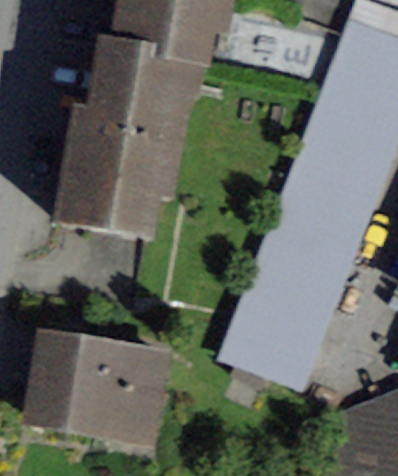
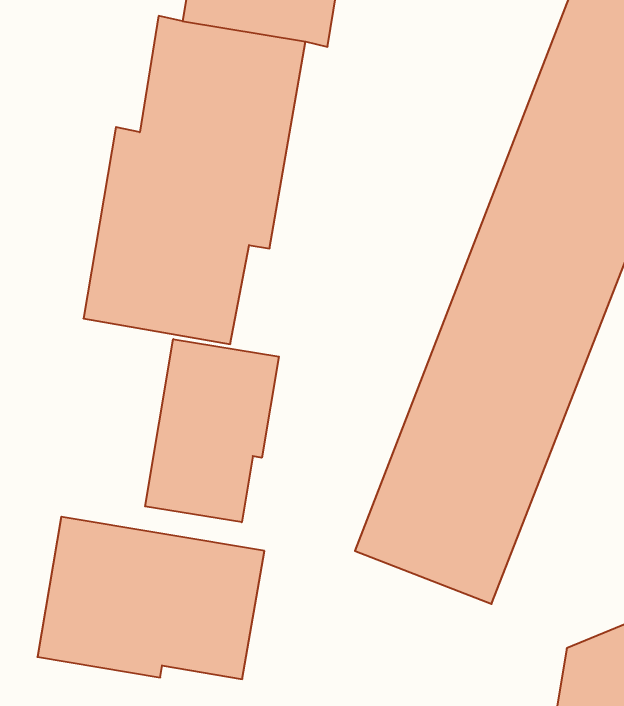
building: none -> [145,339,279,522]

